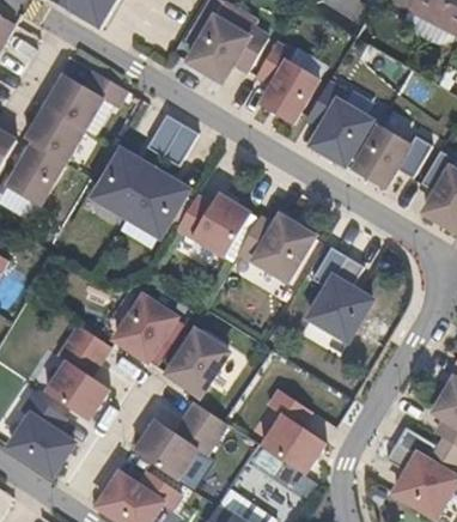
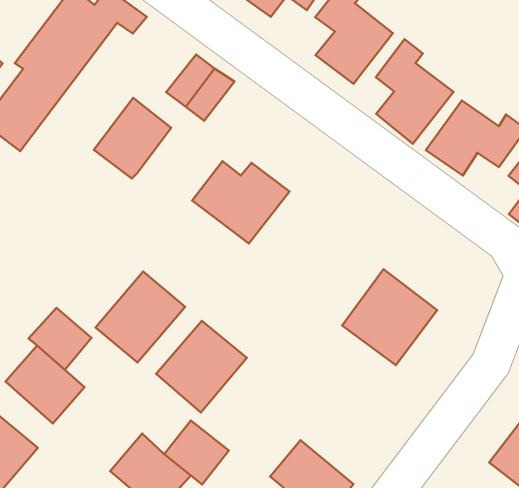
building: [129,172,185,236] -> none
building: [237,218,312,283] -> none

